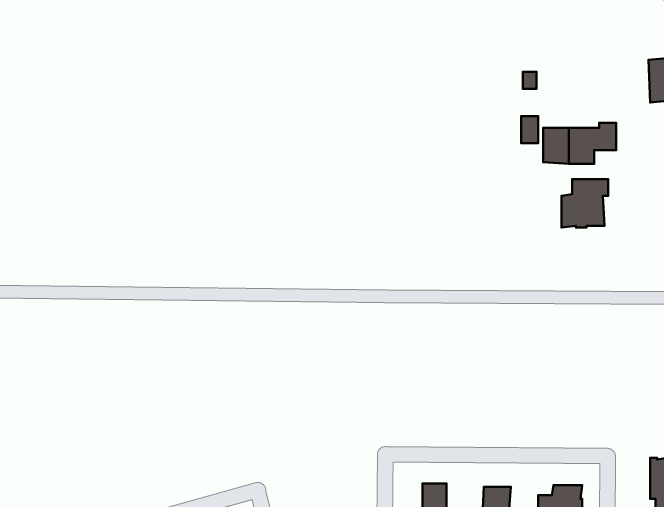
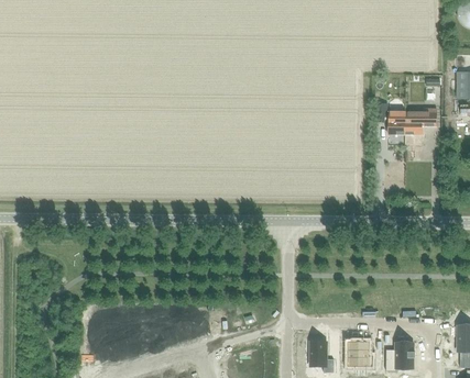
building: [562,179,608,228] -> none

